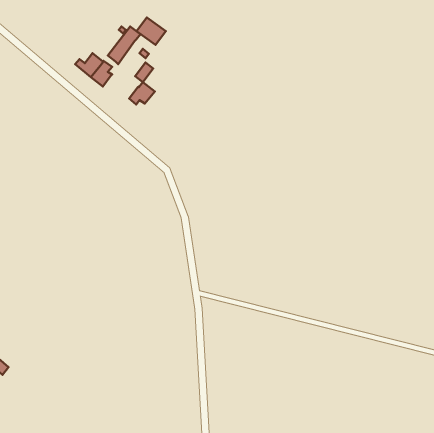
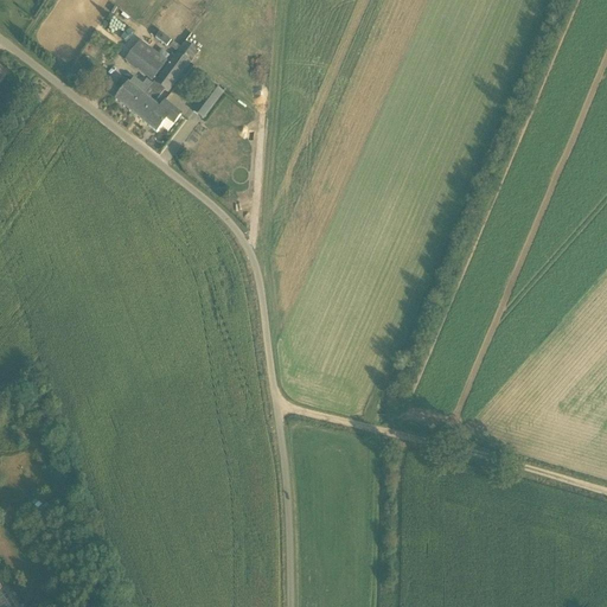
building: [137,18,166,45] -> [122,37,162,75]
building: [129,82,155,104] -> [142,97,178,128]

